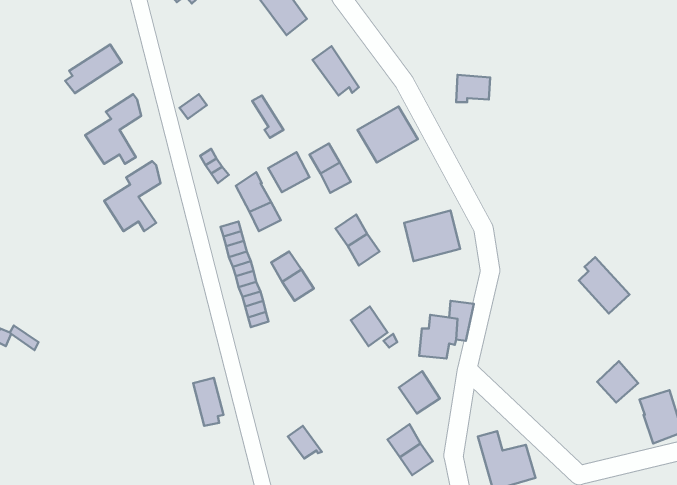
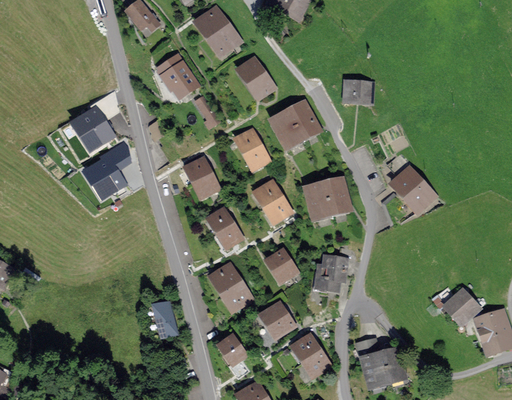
building: none -> [165,57,194,95]
building: [65,44,122,93] -> none
building: [268,152,310,192] -> none
building: [579,257,630,314] -> [396,168,433,209]
building: none -> [213,268,247,307]
building: [399,371,440,414] -> [262,304,292,335]

